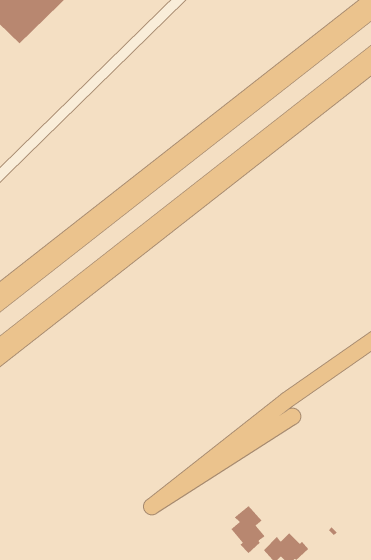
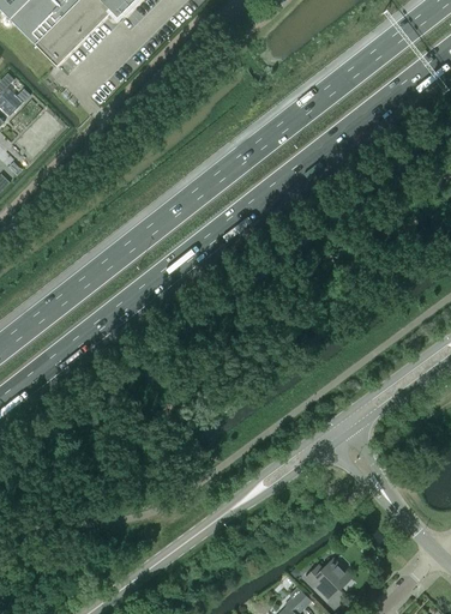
building: [230,505,265,554] -> none

